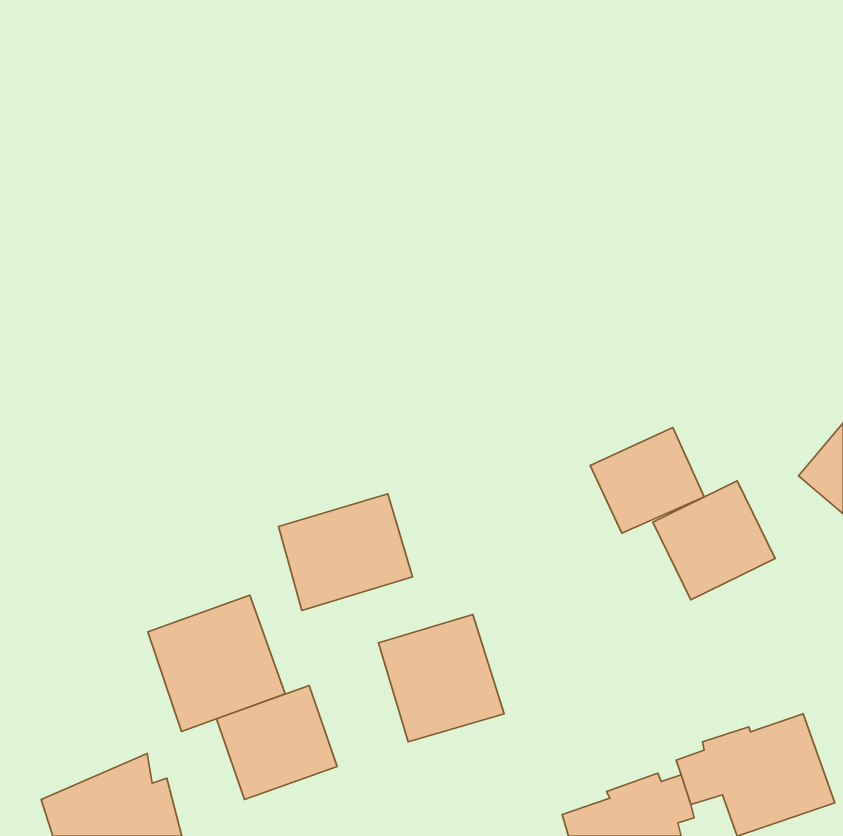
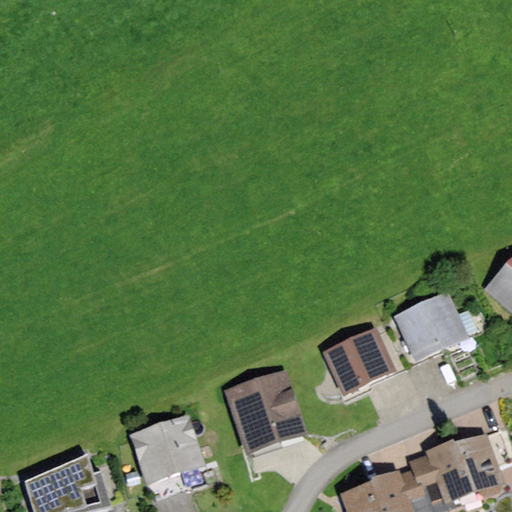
building: [590,428,704,533] -> [326,329,395,393]
building: [278,494,413,611] -> none
building: [148,595,285,731] -> none

